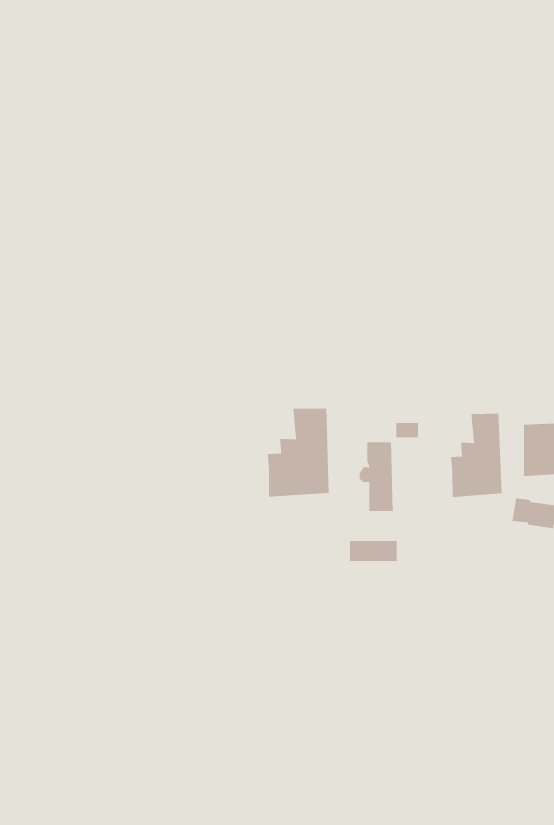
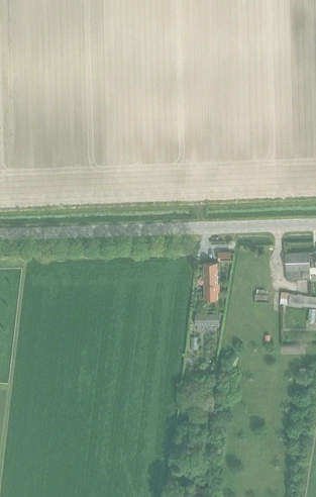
building: [267,408,329,497] -> none
building: [451,413,502,498] -> none

